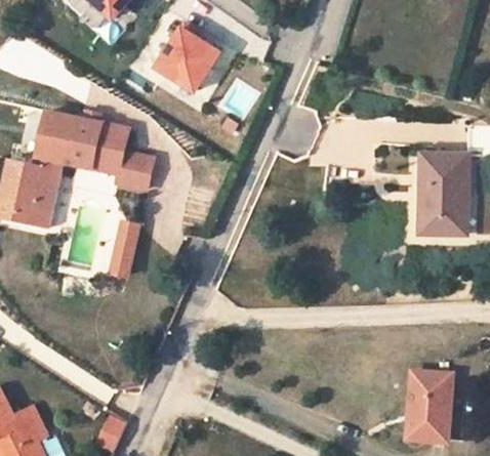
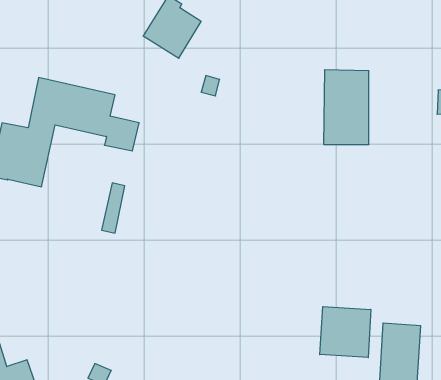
building: [418,157,466,236] -> [324,70,369,144]
building: none -> [320,307,371,358]

